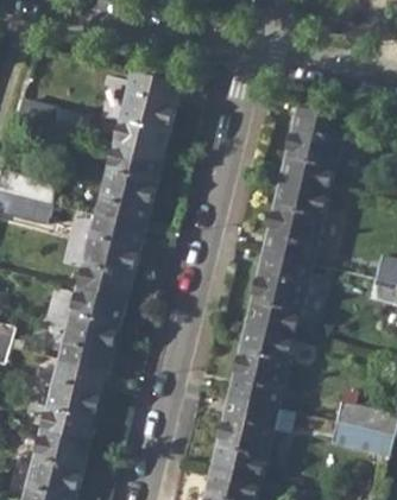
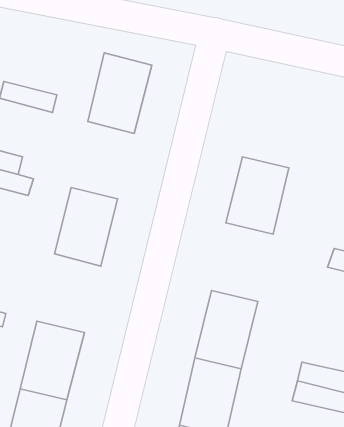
building: [278,106,347,192] -> none
building: [94,143,162,226] -> none
building: [245,252,311,336] -> none
building: [57,285,126,369] -> none

